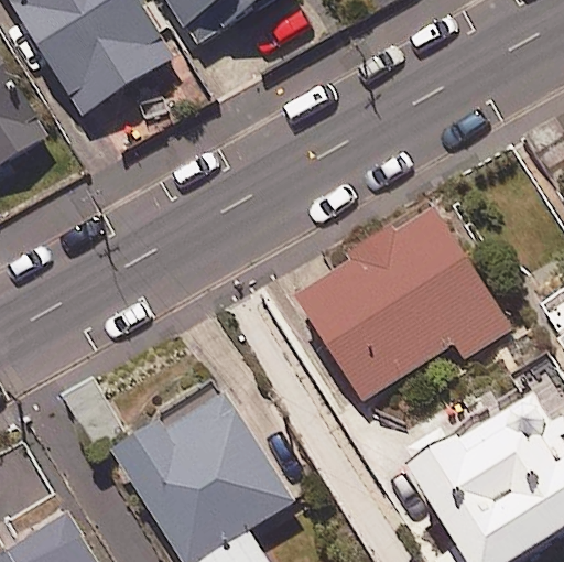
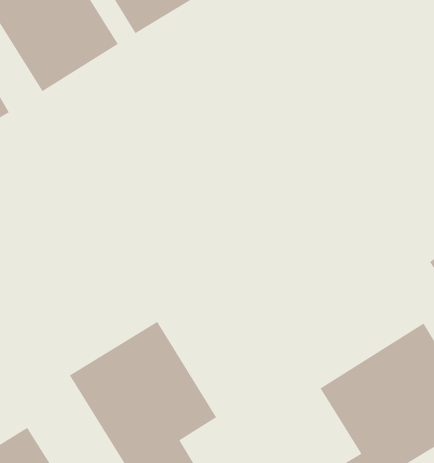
building: [295,205,511,399] -> none

